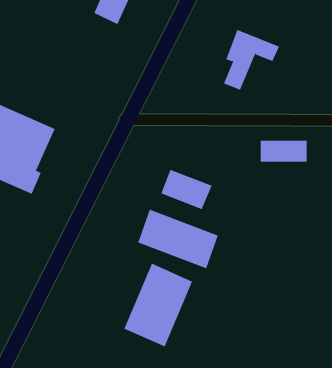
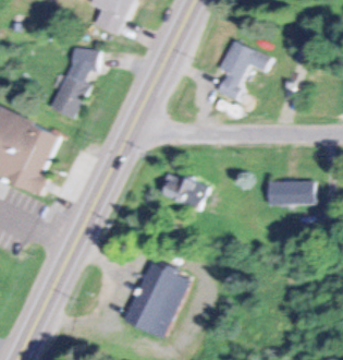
building: none -> [51,44,100,118]
building: [260,140,307,162] -> [269,182,314,203]
building: [137,209,219,269] -> none

